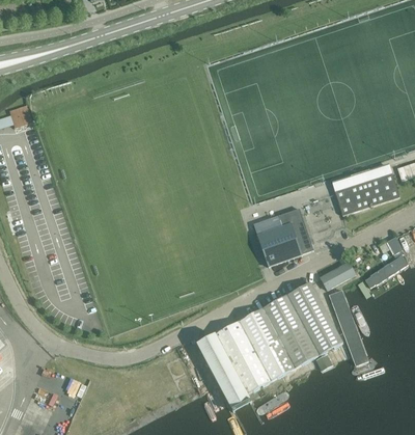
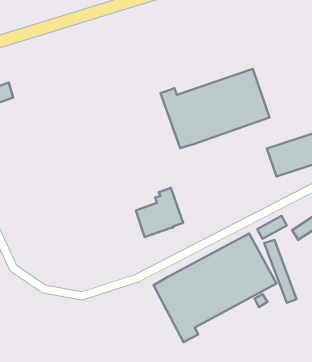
building: none -> [161,69,270,148]
building: [257,208,313,266] -> [136,188,183,237]

